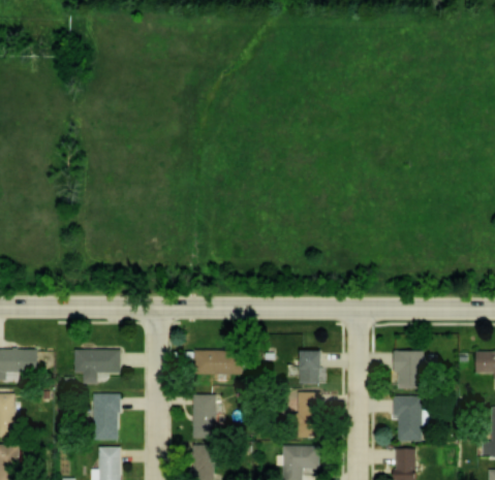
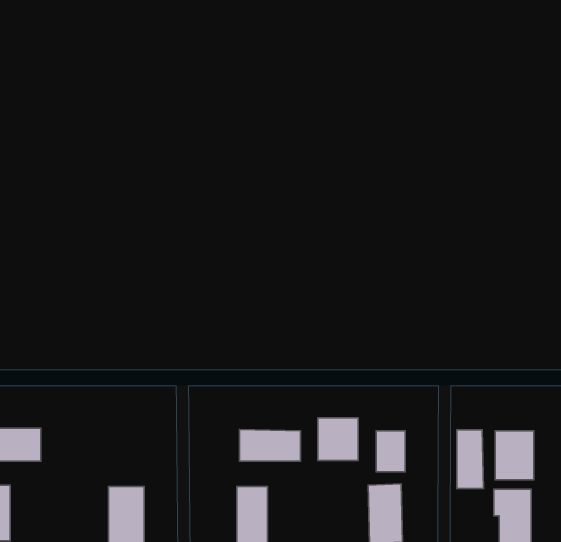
building: none -> [318,418,358,461]
building: [73,350,121,383] -> none
building: none -> [457,430,483,489]

